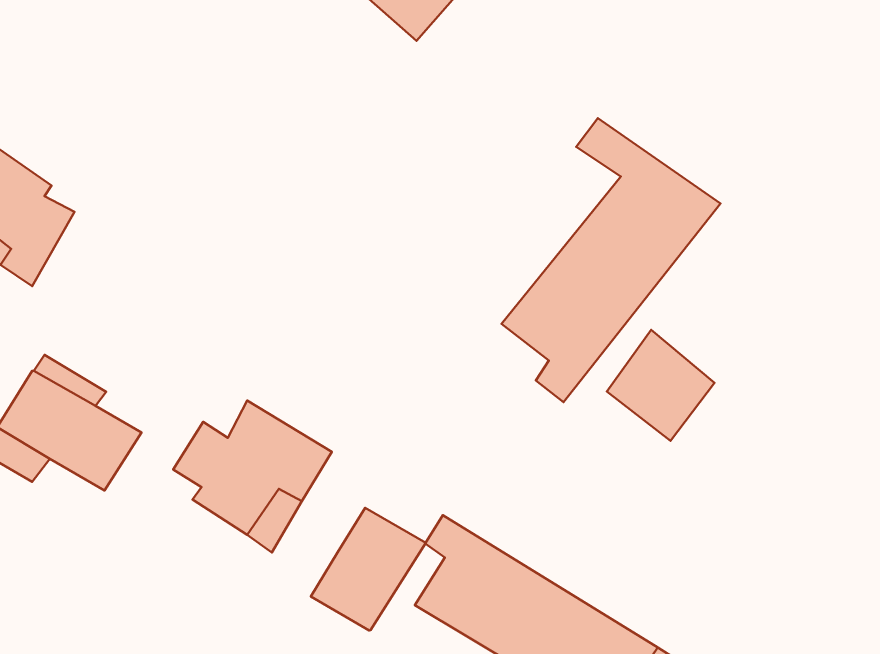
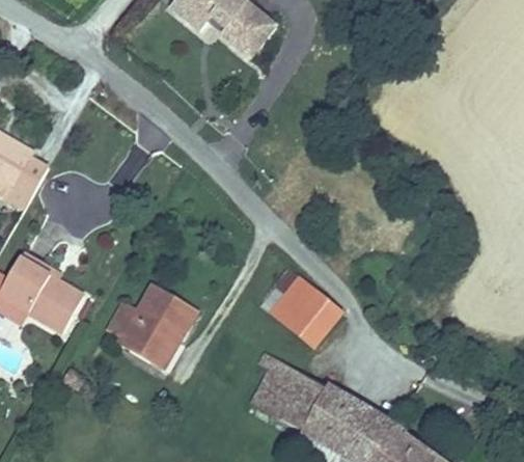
building: [502,118,721,402] -> none
building: [607,330,715,441] -> [274,281,337,347]
building: [311,508,426,631] -> none

